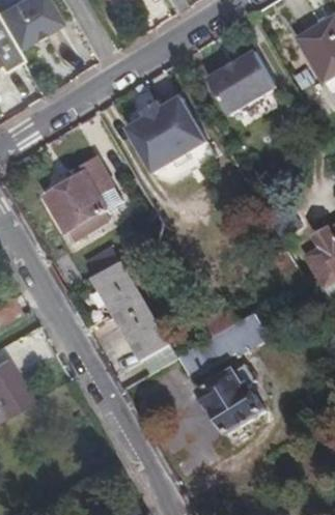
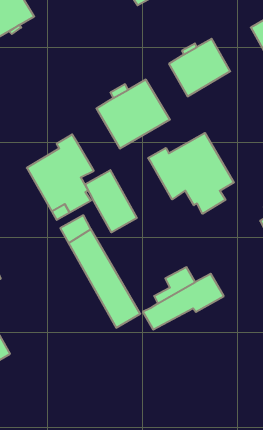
building: none -> [148,133,234,214]
building: none -> [85,170,137,232]
building: [201,364,266,434] -> none

